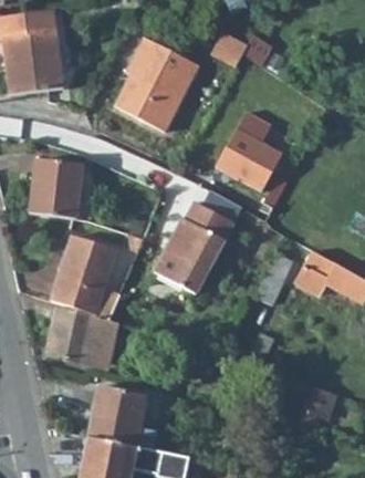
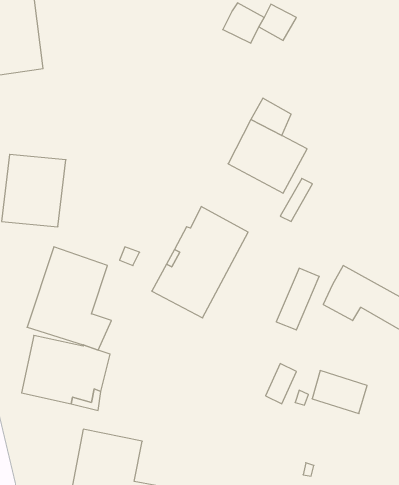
building: [115,37,199,132] -> none
building: [291,381,336,416] -> [312,371,367,414]

